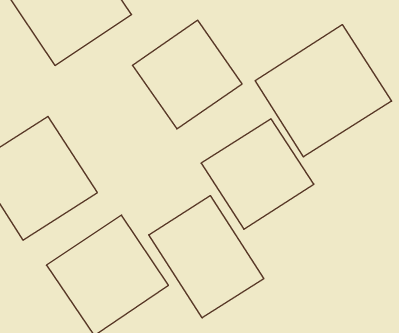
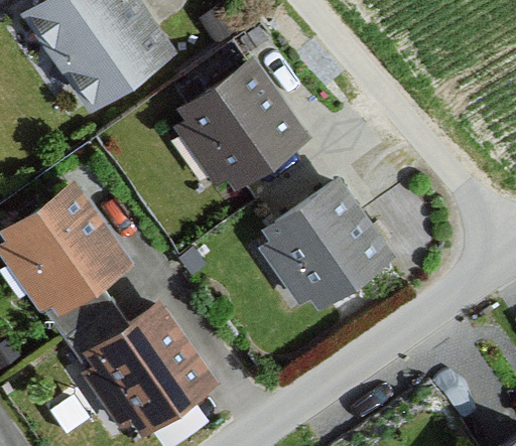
building: [255,25,392,157] -> none
building: [149,196,264,318] -> none

